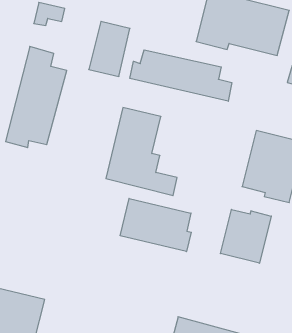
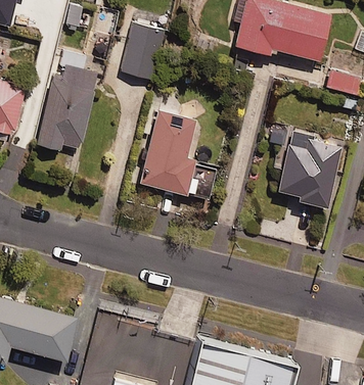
building: [130,50,232,101] -> none
building: [120,198,191,252] -> none
building: [220,209,271,263] -> none

